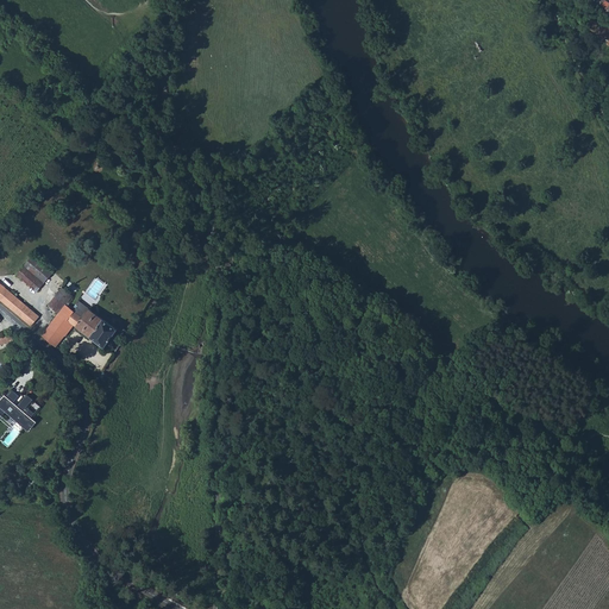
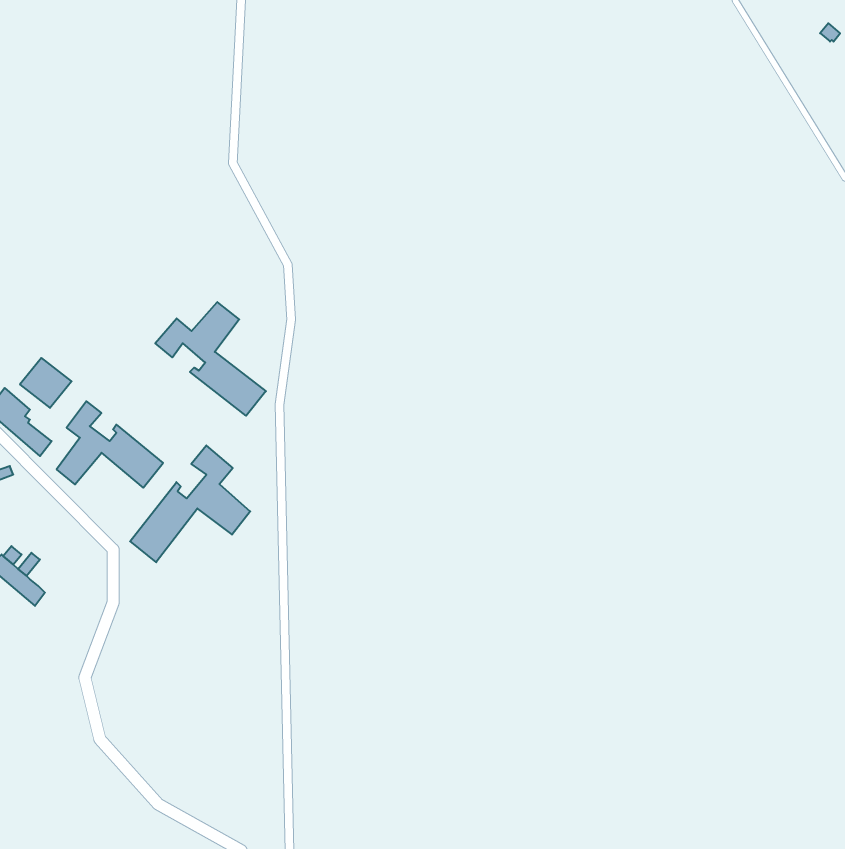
building: none -> [155,302,266,416]
building: none -> [130,445,250,562]

